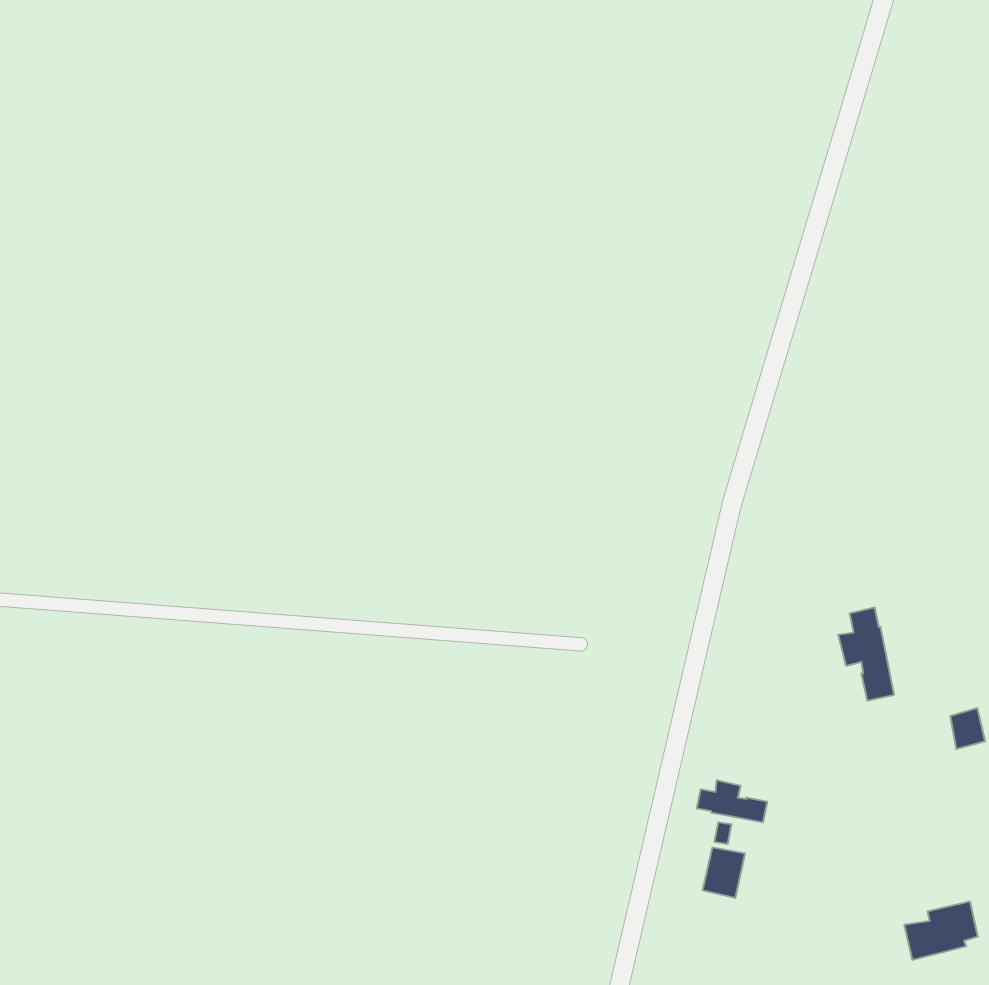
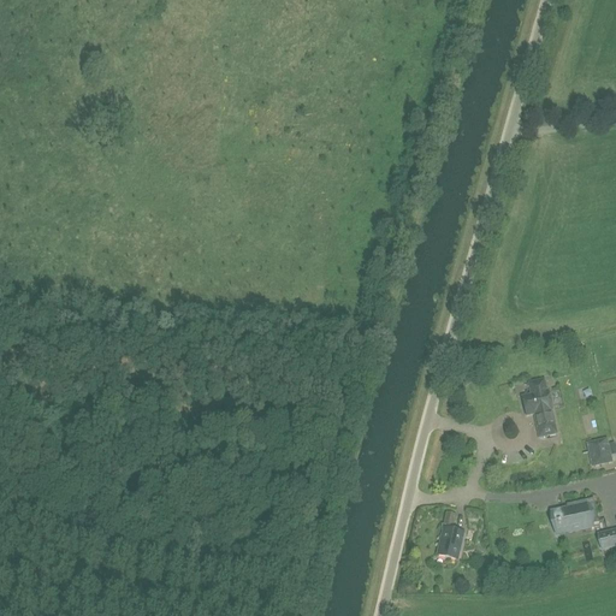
building: [697,780,767,822] -> none
building: [904,902,978,960] -> [552,497,598,533]

